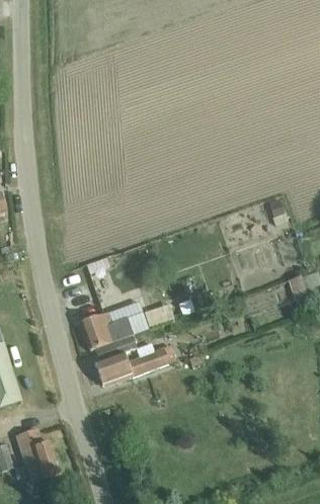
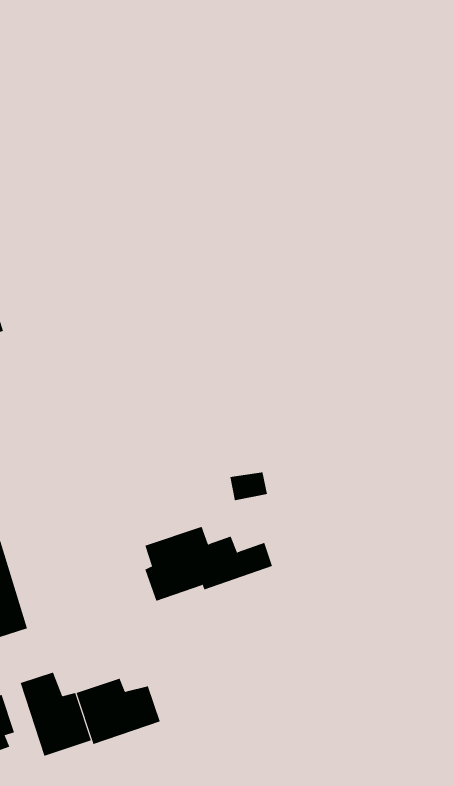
building: [80,311,147,349] -> none
building: none -> [76,678,160,745]

